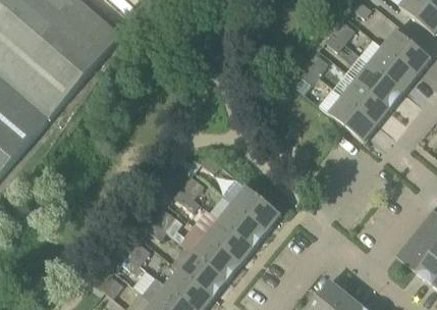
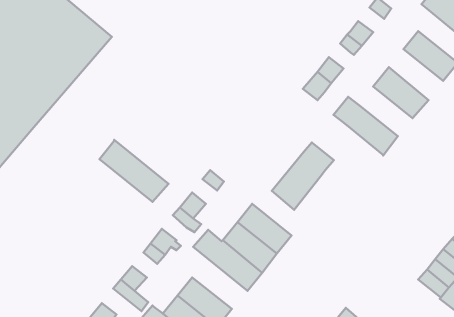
building: [360,39,418,92] -> none
building: [341,80,390,124] -> none
building: none -> [272,143,334,210]
building: [179,224,241,280] -> [100,140,168,202]

